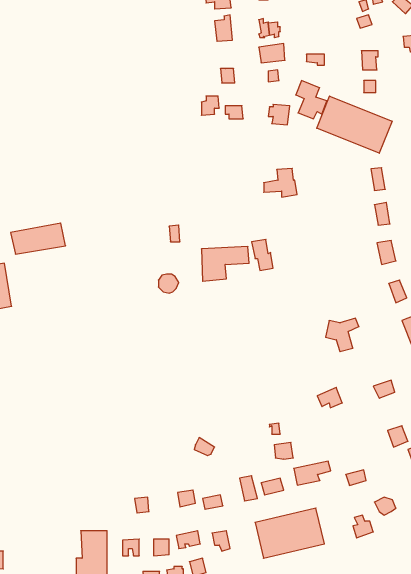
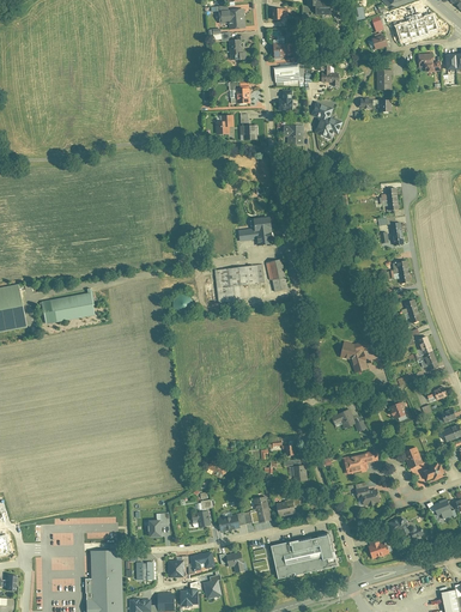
building: [317,96,392,153] -> none
building: [264,168,297,197] -> [239,216,273,244]
building: [11,223,66,254] -> [41,292,96,323]
building: [294,461,331,485] -> [341,450,378,474]

